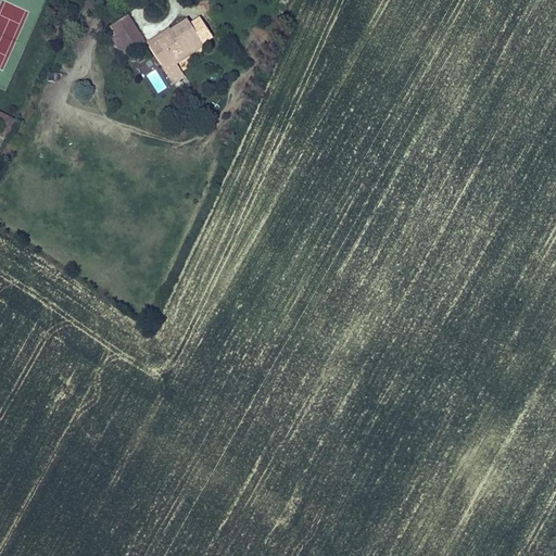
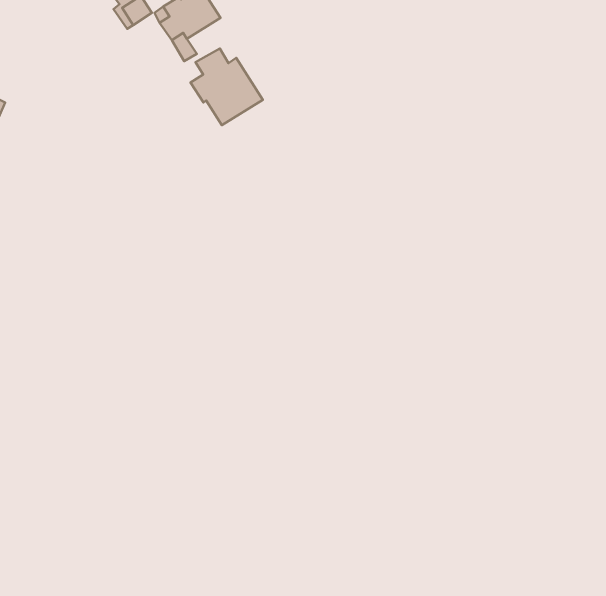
building: none -> [190,49,263,125]

